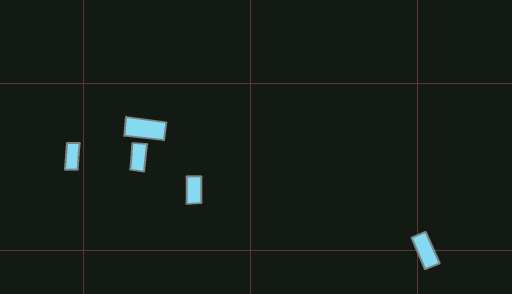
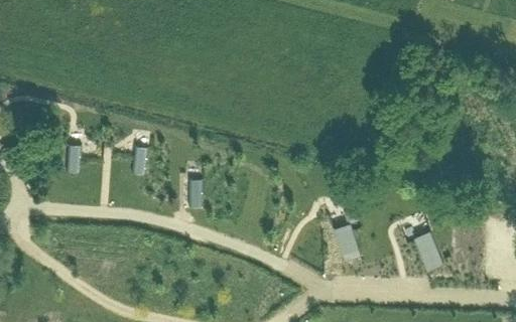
building: [124,117,166,140] -> none
building: none -> [334,221,360,260]

